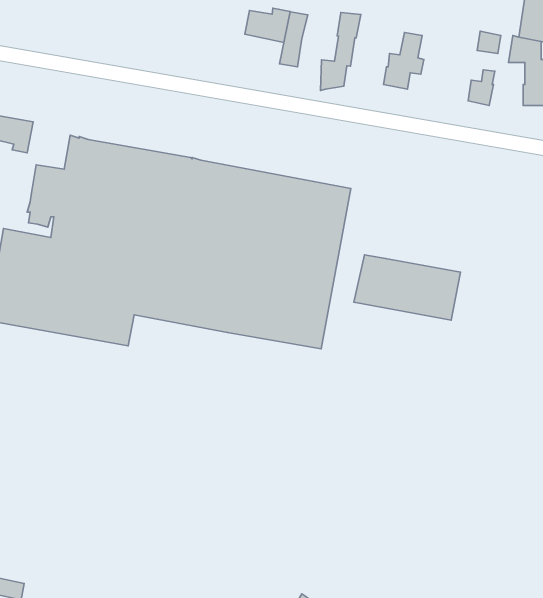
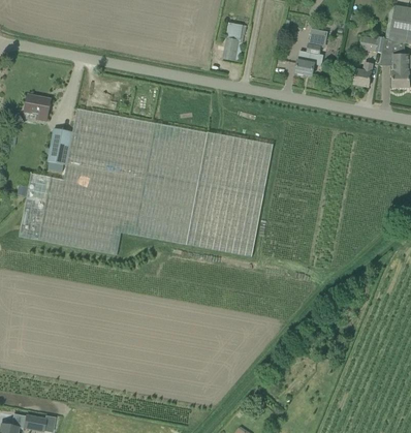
building: [245,8,290,43] -> none
building: [321,12,361,90] -> none
building: [354,255,460,320] -> none

